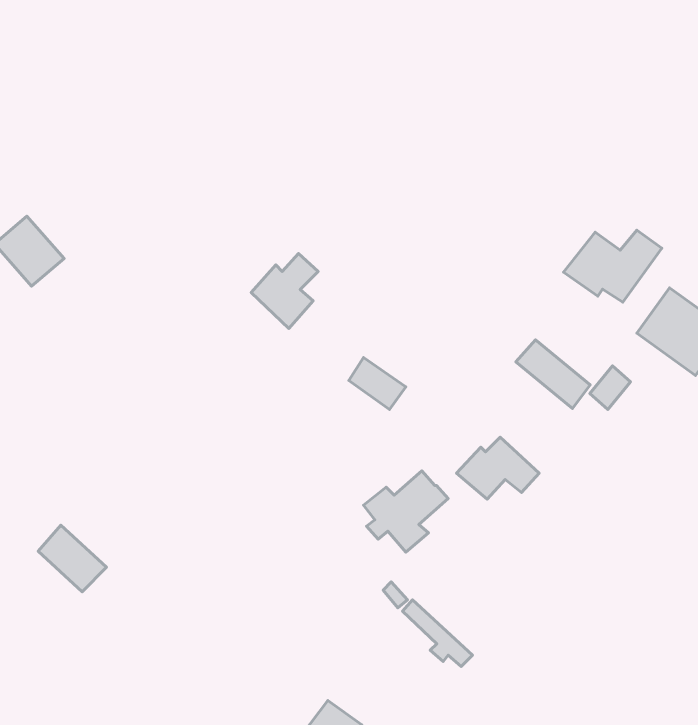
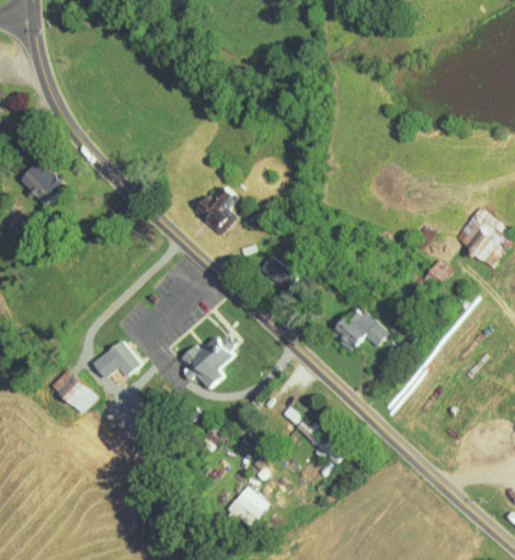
building: [564,230,662,302] -> none
building: [516,340,590,409] -> none
building: [363,471,448,552] -> [180,333,237,388]
building: none -> [92,339,140,377]

